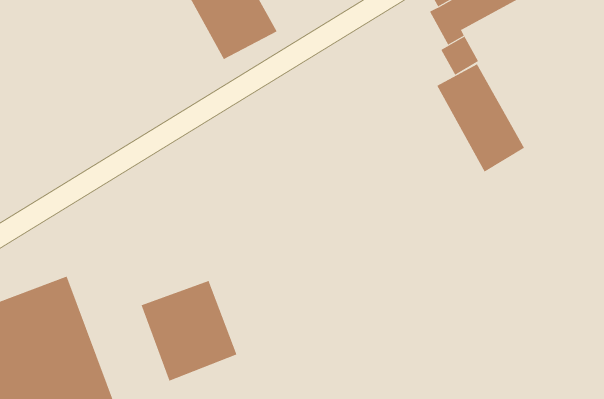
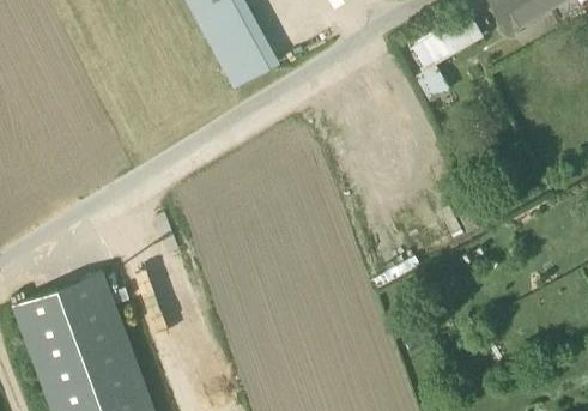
building: [436,63,525,172] -> none
building: [141,280,237,381] -> none

